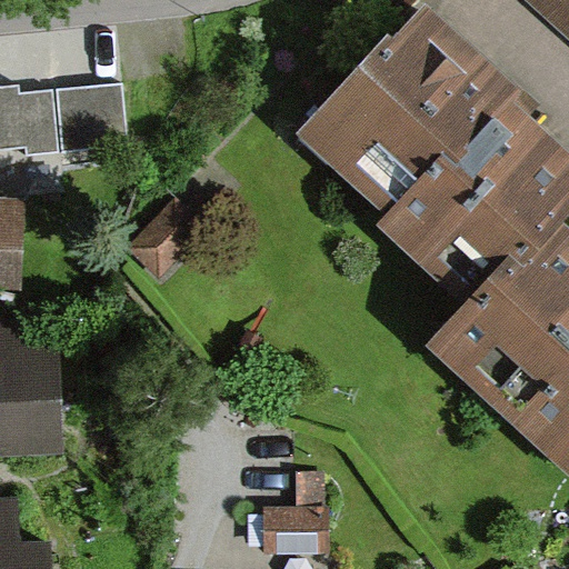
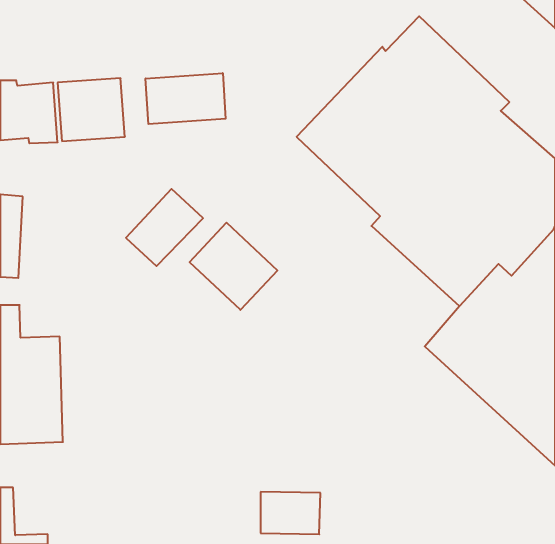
building: none -> [146,73,226,124]
building: none -> [190,223,277,310]

